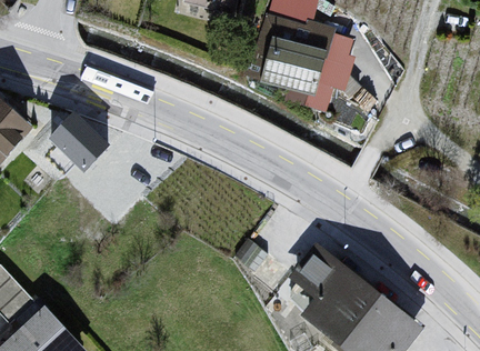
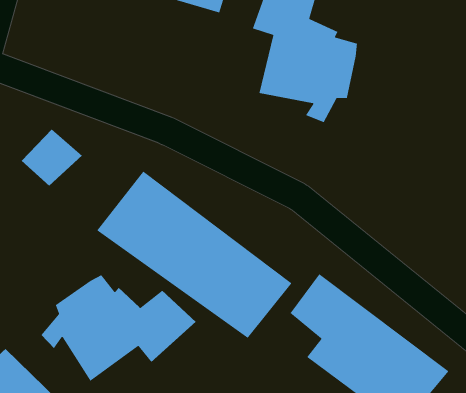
building: none -> [96,171,293,339]
building: none -> [41,274,196,382]

